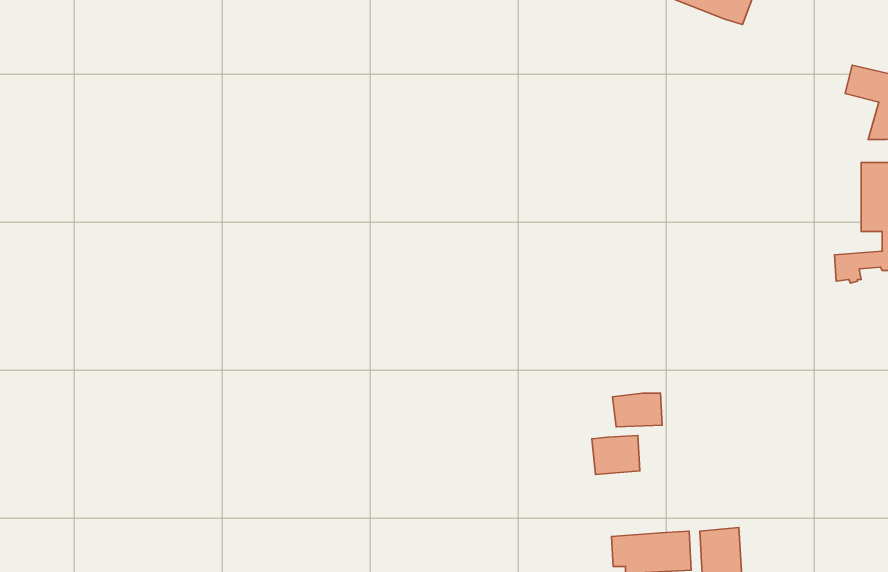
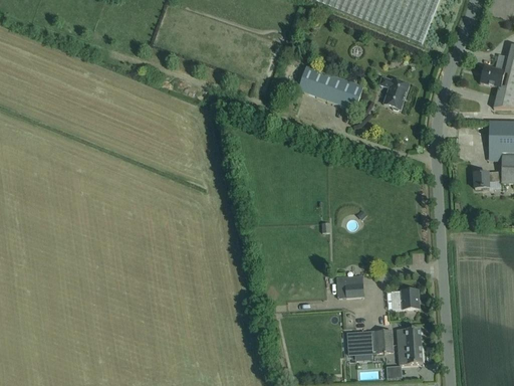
building: none -> [298,65,363,109]
building: none -> [379,75,409,109]
building: [613,393,662,427] -> [391,288,419,308]

